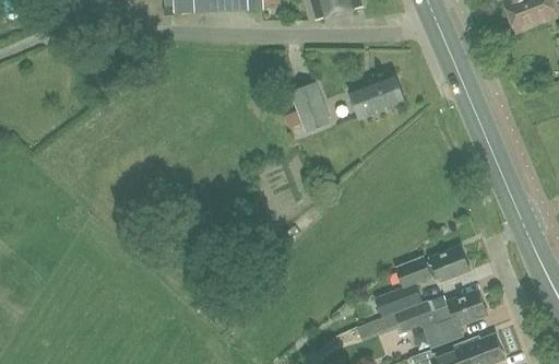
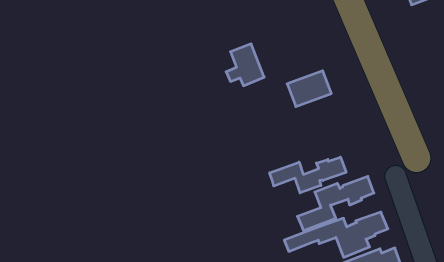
building: [349,73,405,118] -> [287,71,331,107]
building: none -> [270,157,346,193]

